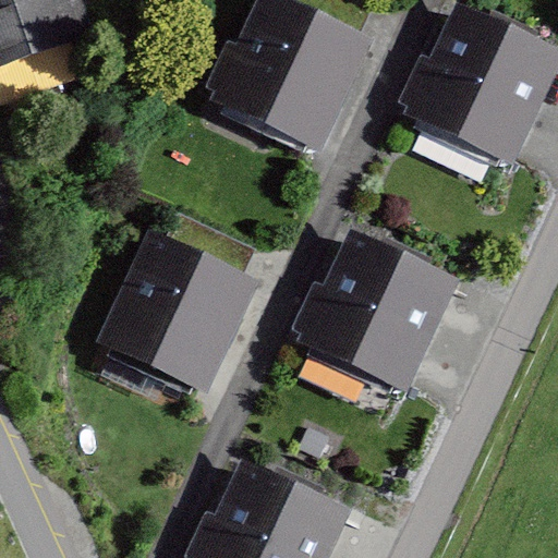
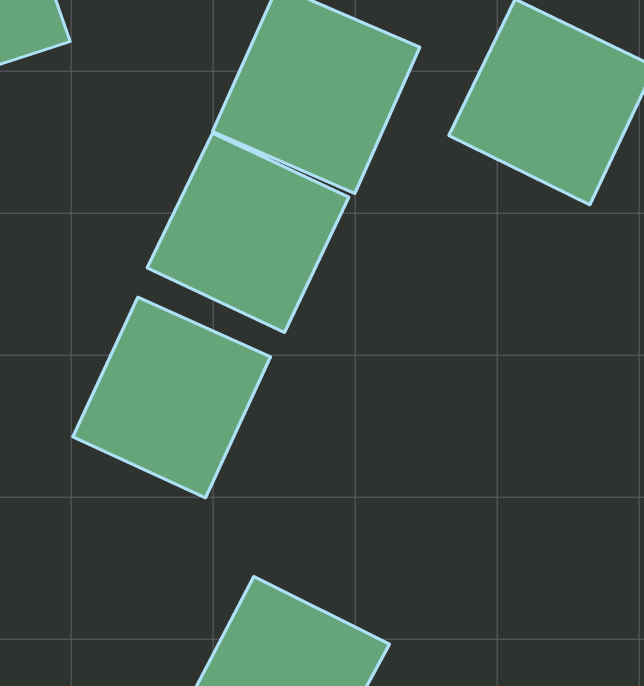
building: none -> [147,133,349,333]
building: [289,221,459,388] -> none

